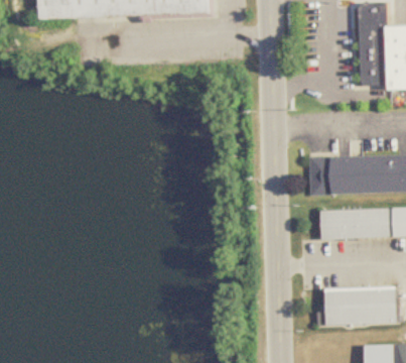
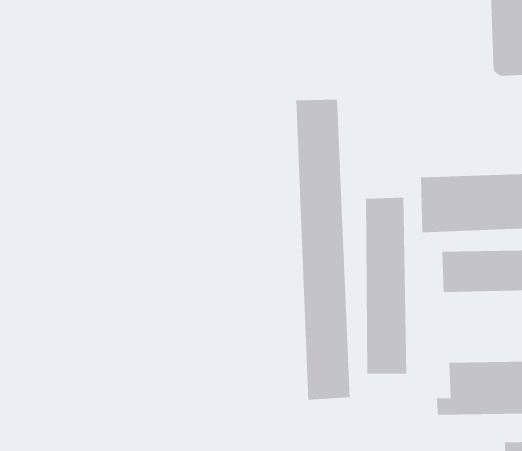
building: none -> [296,99,350,401]
building: none -> [365,197,407,374]

